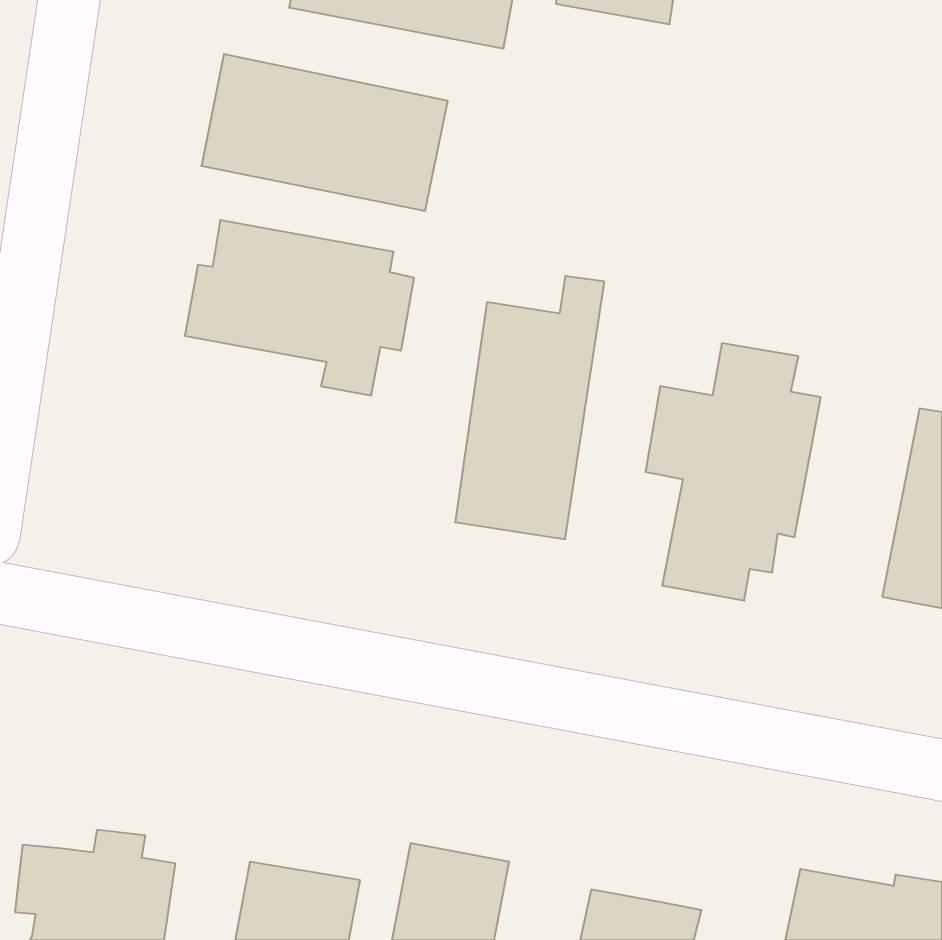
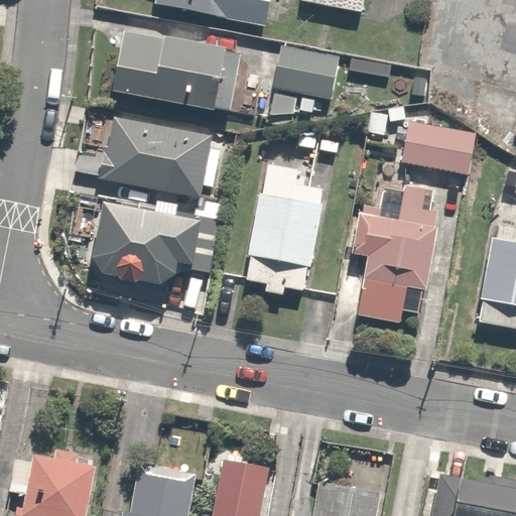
building: none -> [267,40,341,123]
building: none -> [399,120,476,175]
building: none -> [97,209,220,303]

